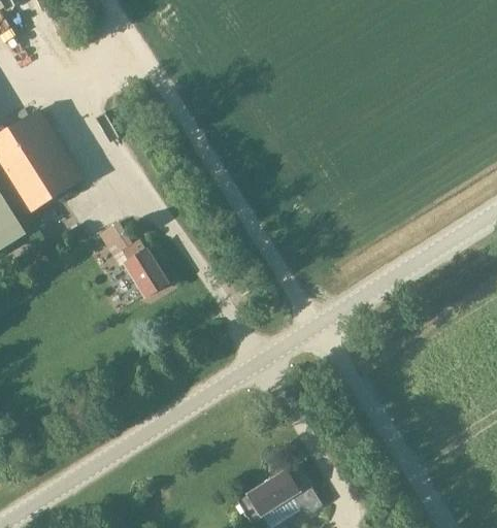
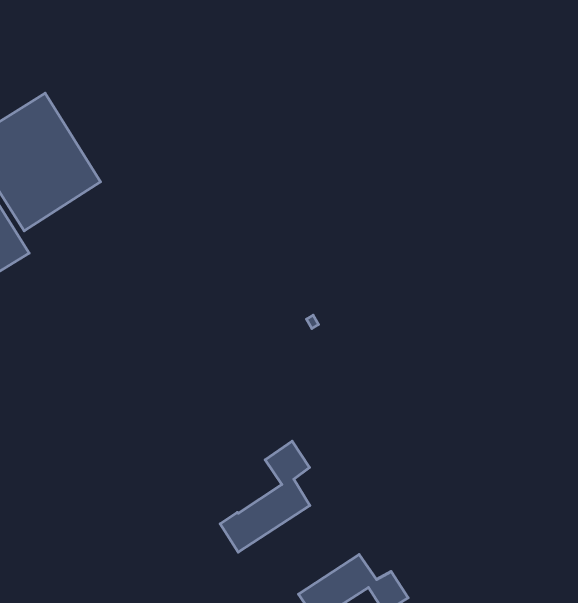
building: [99,221,168,297] -> none
building: none -> [220,441,310,552]

